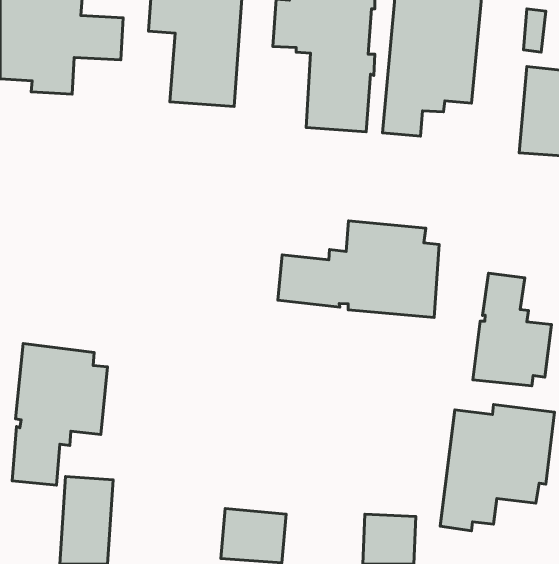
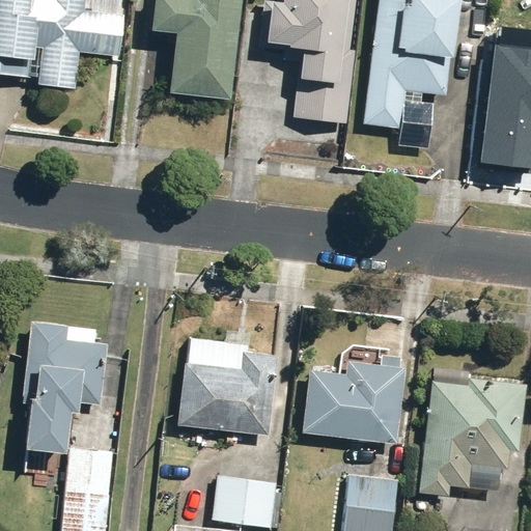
building: [278,221,439,318] -> none
building: [473,273,552,386] -> none
building: none -> [177,335,280,438]
building: none -> [305,353,401,440]

